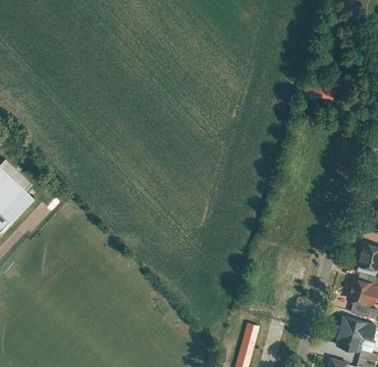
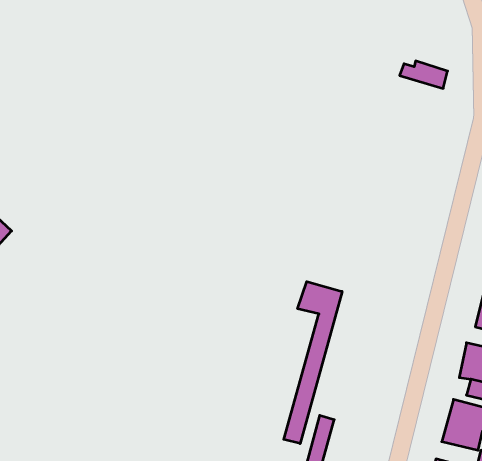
building: none -> [284,282,342,444]

